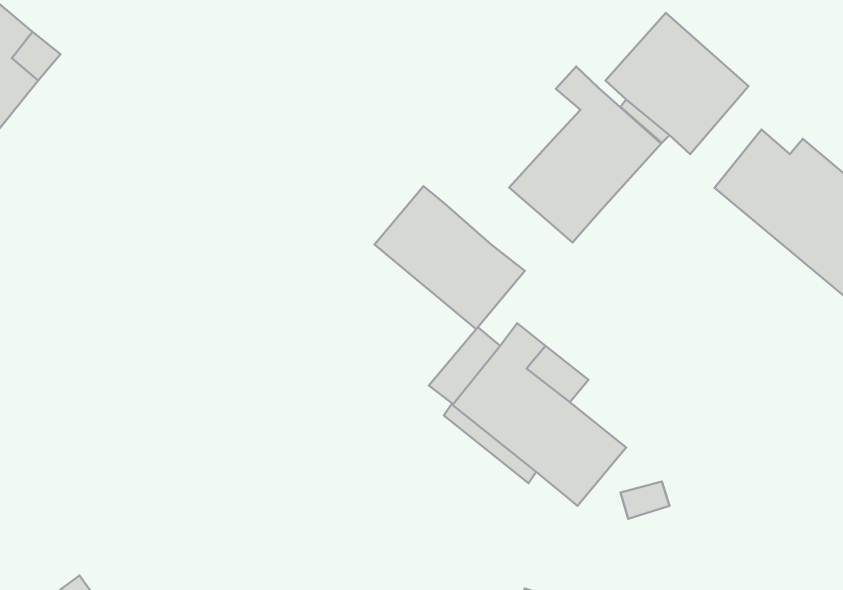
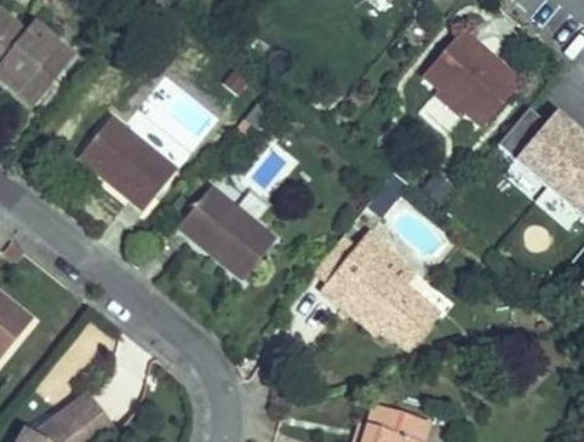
building: [509,67,662,242] -> none
building: none -> [80,114,176,206]
building: [375,186,525,329] -> [177,185,274,277]

